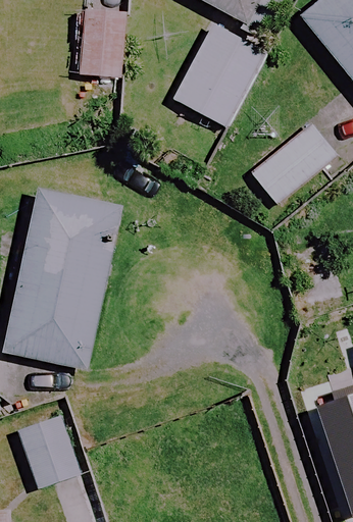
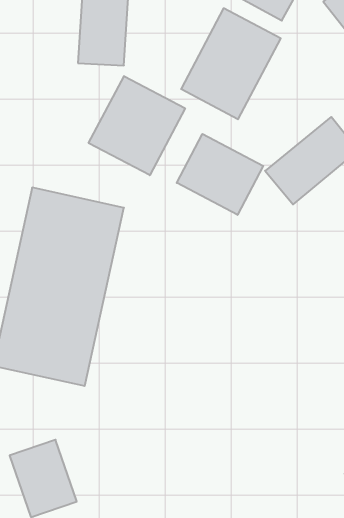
building: none -> [89,76,185,175]
building: none -> [177,134,263,215]

